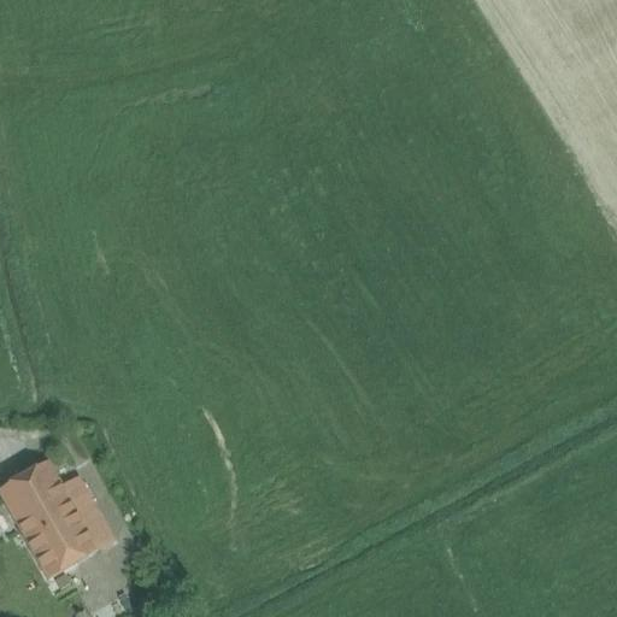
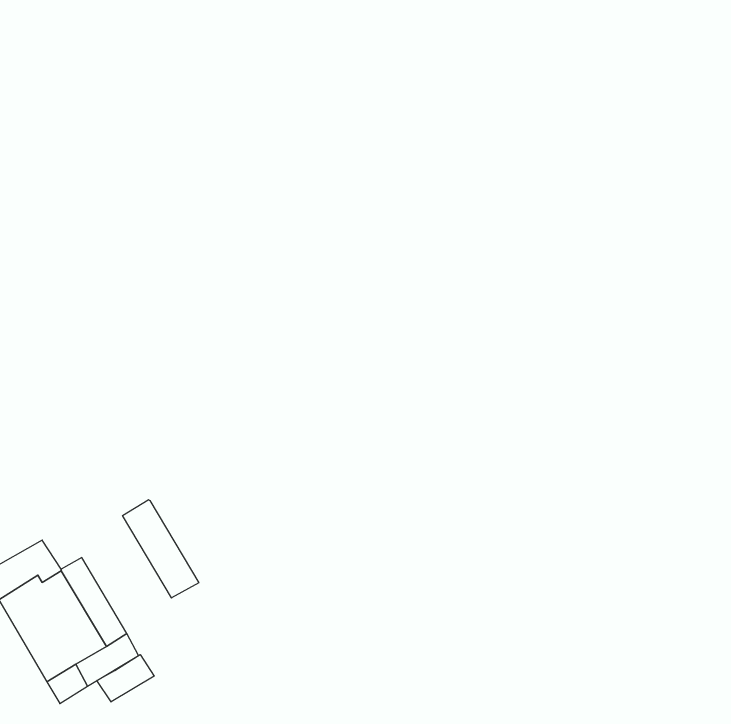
building: none -> [123,500,199,598]
building: none -> [97,655,154,702]

